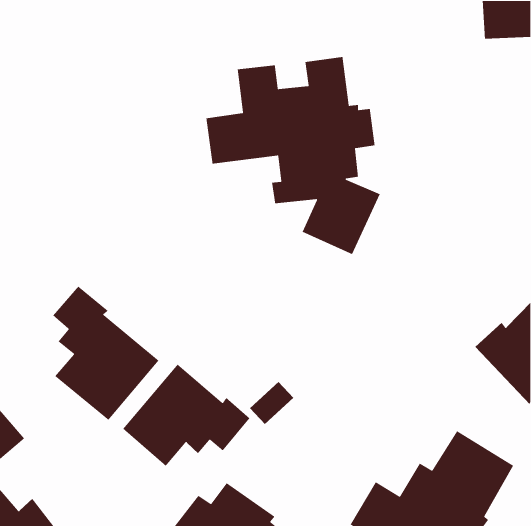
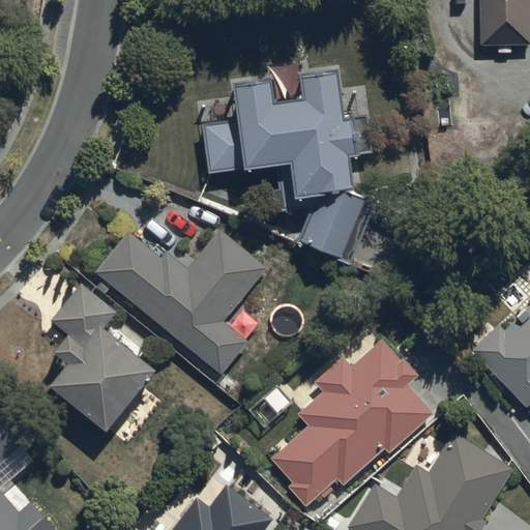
building: none -> [94,231,266,377]
building: none -> [270,340,433,508]
building: [122,363,251,467] -> none

